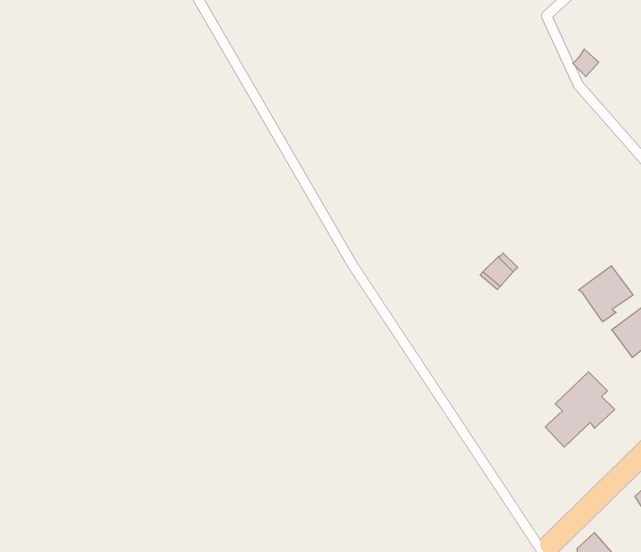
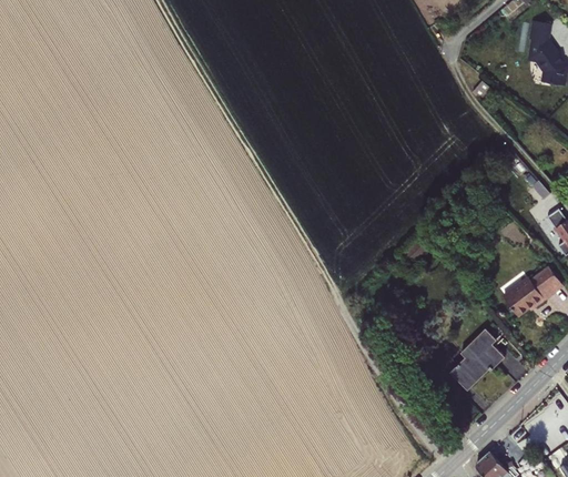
building: [579,266,633,322] -> none

